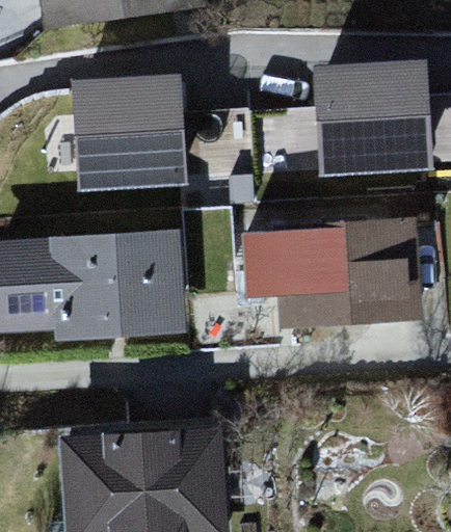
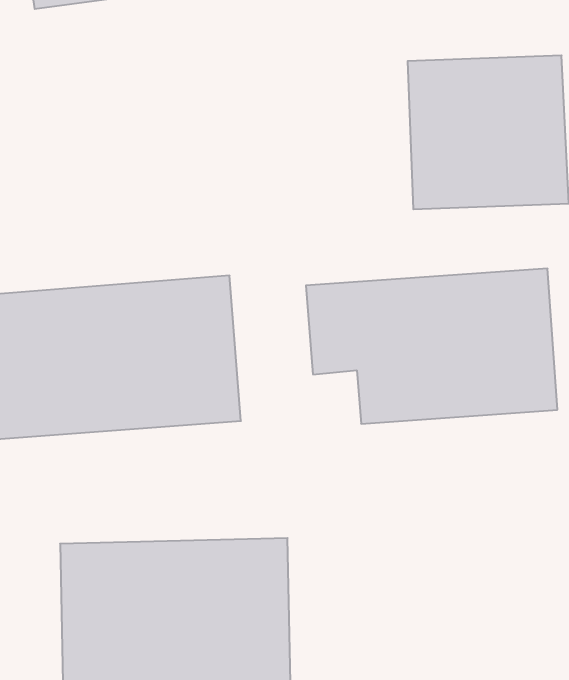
building: [72,77,184,190] -> none

